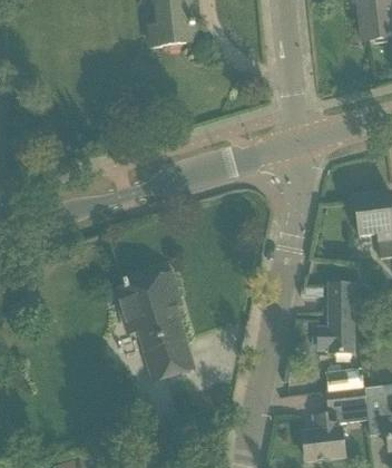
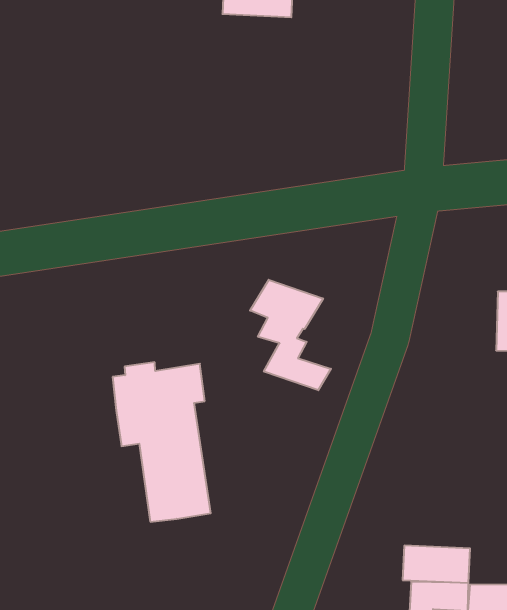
building: none -> [250,280,331,390]
building: [318,284,353,351] -> none

